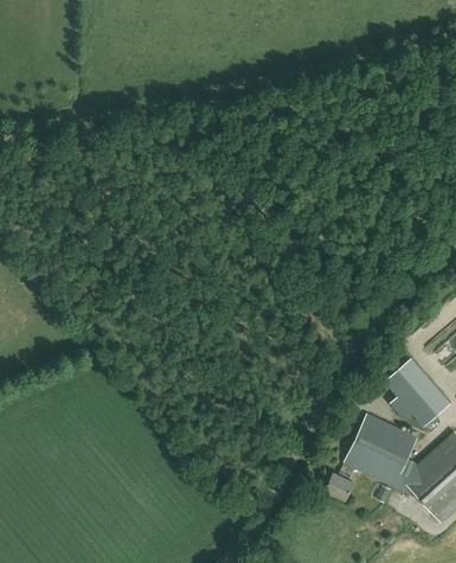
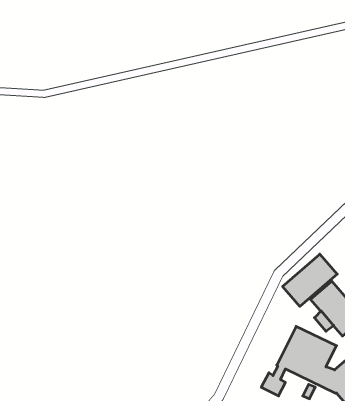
building: none -> [283,254,337,306]

